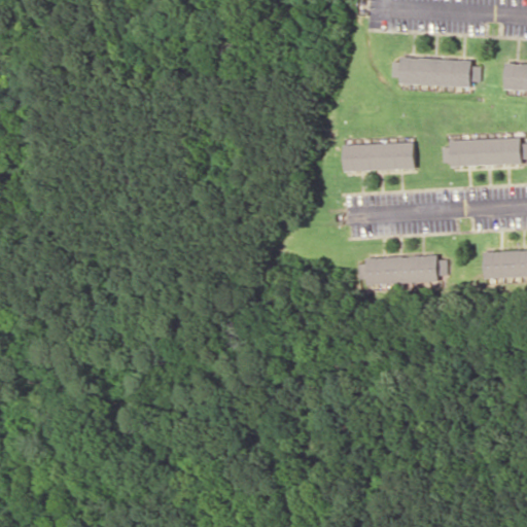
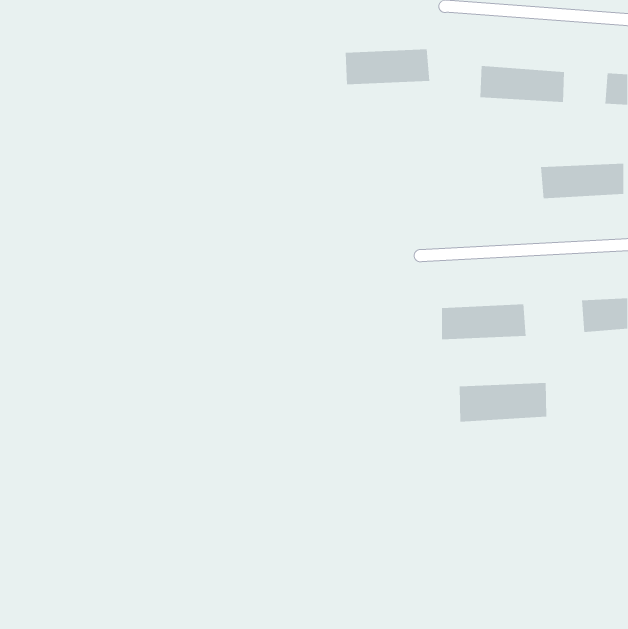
building: [343,142,414,172] -> [345,49,430,85]
building: none -> [459,382,547,422]

